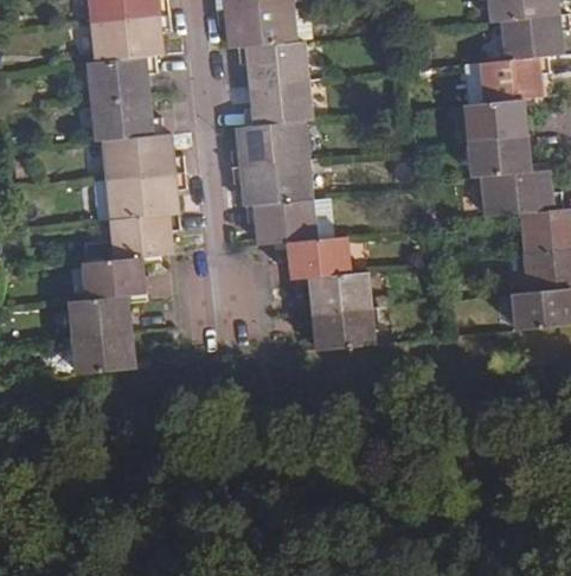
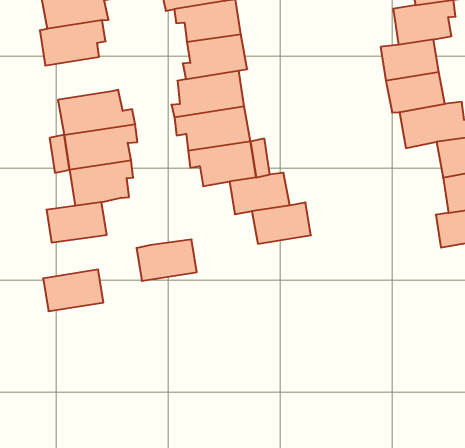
building: [90,95,163,140] -> none
building: [70,294,135,337] -> [136,239,197,281]
building: [314,307,377,350] -> none

